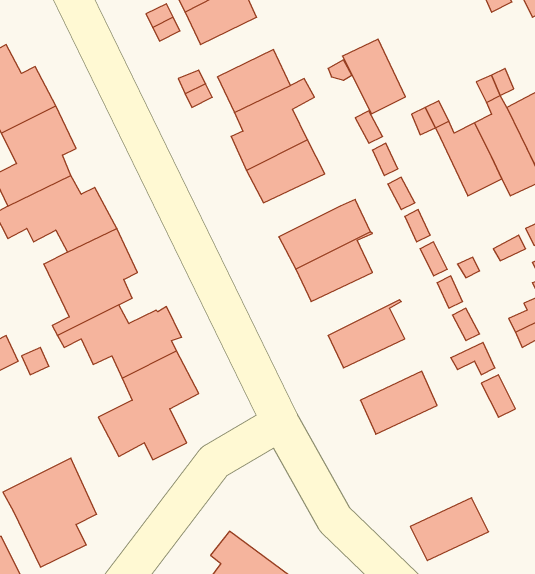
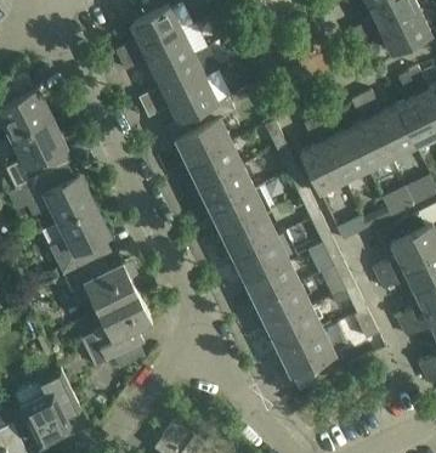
building: none -> [153,53,205,96]
building: [342,39,405,114] -> [299,140,344,193]
building: none -> [198,165,253,210]
building: none -> [232,232,295,281]
building: none -> [255,283,311,327]
building: [410,498,489,561] -> [278,330,334,375]

